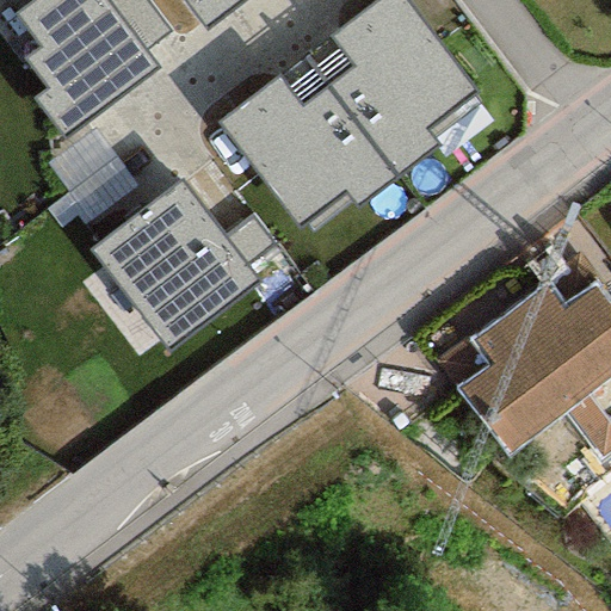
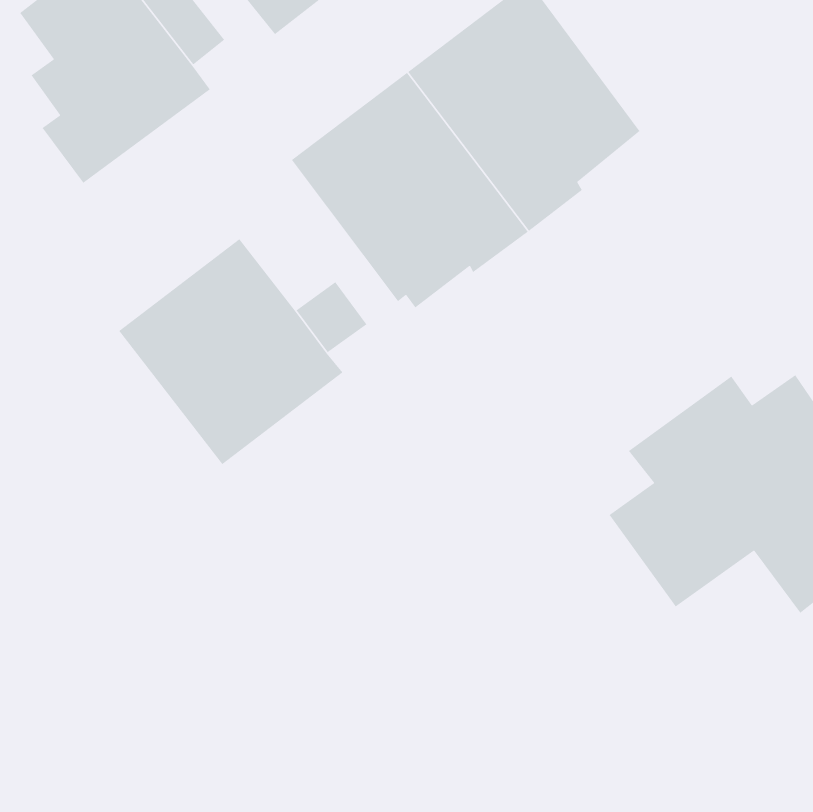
building: [45,126,137,226] -> none

